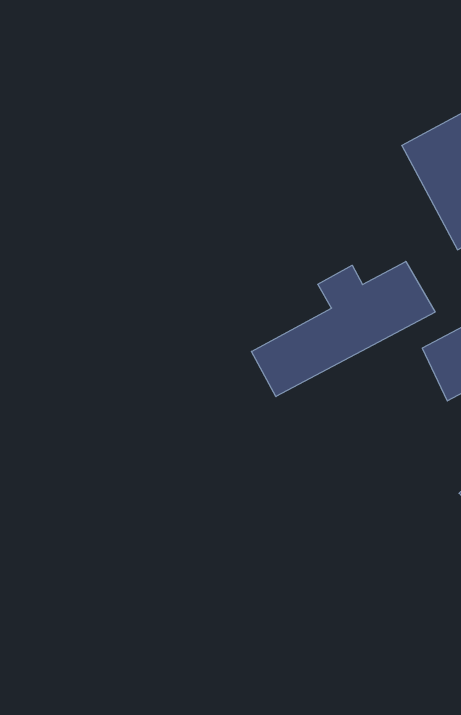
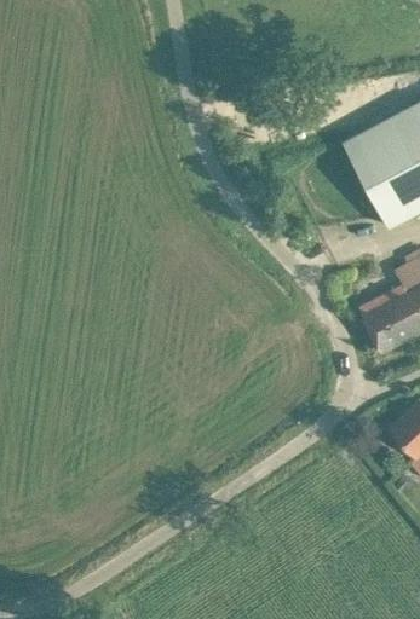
building: [251,261,435,397] -> none

